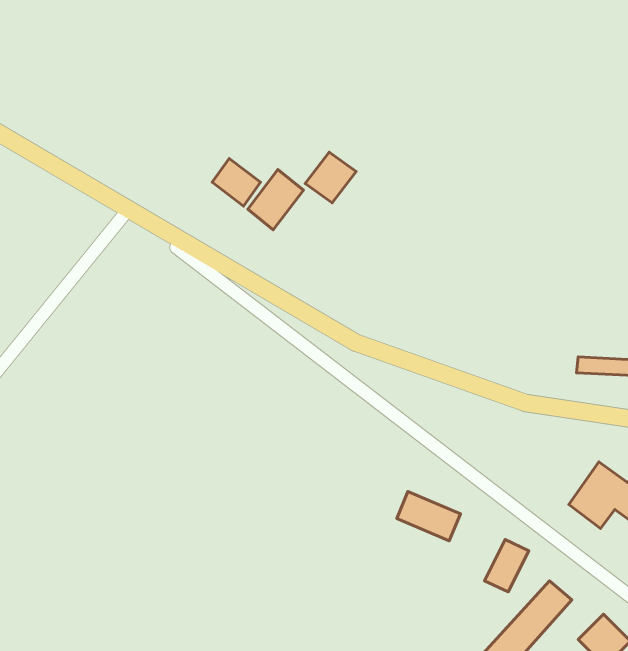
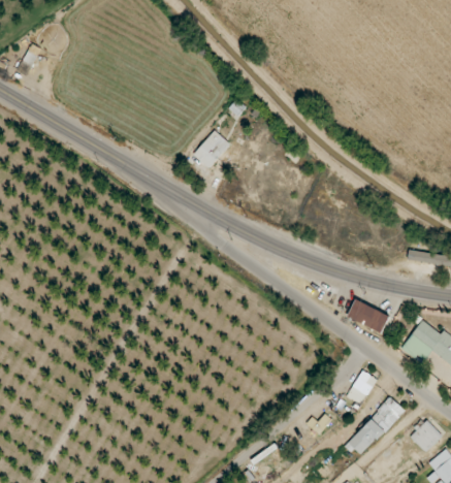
building: [305,152,356,203] -> none
building: [212,158,261,206] -> none
building: [397,492,460,541] -> [347,300,388,332]

